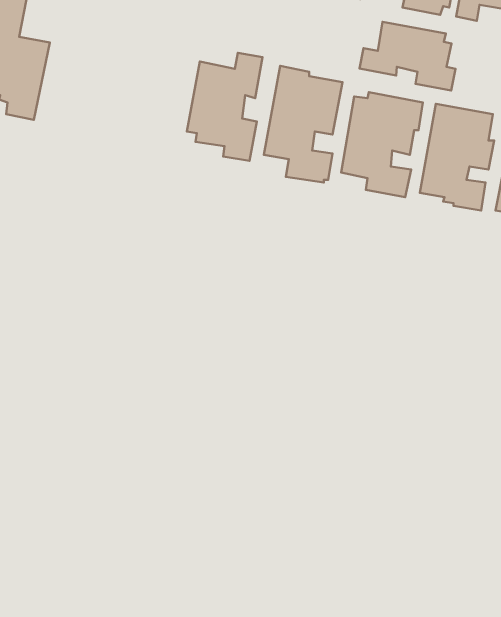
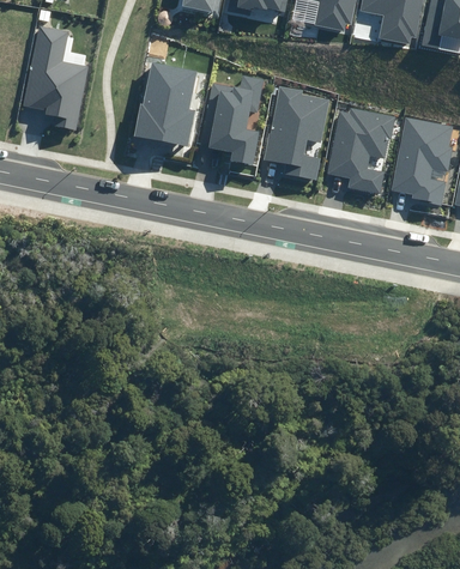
building: [359,22,455,90] -> none
building: none -> [134,62,195,146]

